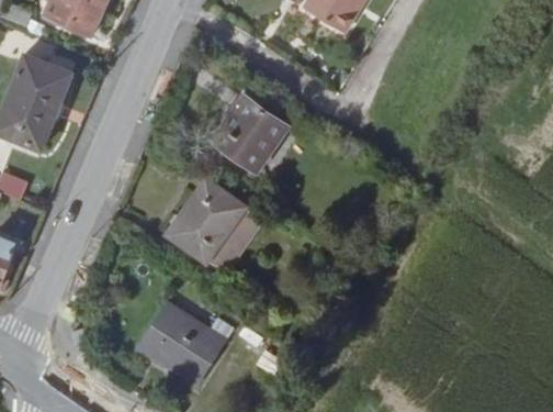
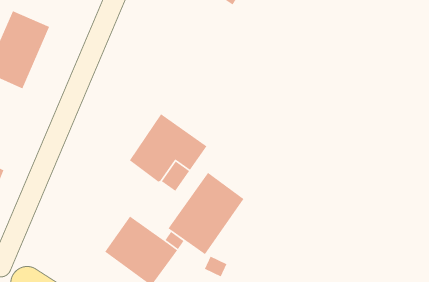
building: [212,91,289,171] -> none
building: none -> [167,172,245,255]

